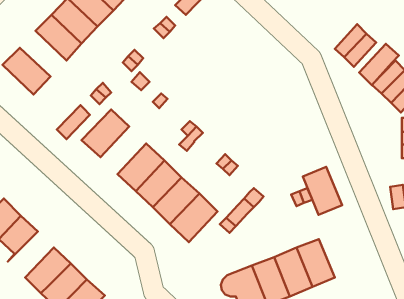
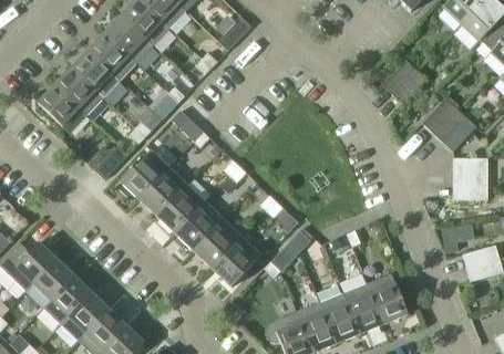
building: none -> [55,66,104,114]
building: [359,44,399,85] -> none
building: none -> [140,166,187,216]
building: [303,167,342,215] -> [367,273,408,323]
building: none -> [43,275,91,323]

